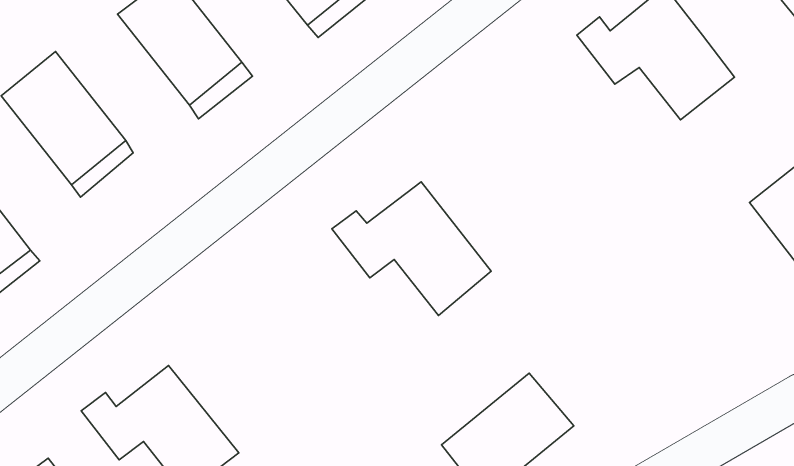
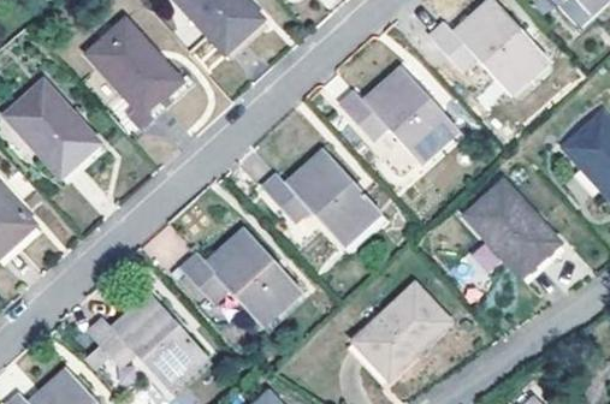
building: none -> [334,69,451,164]
building: none -> [457,184,551,279]
building: none -> [177,232,294,328]

